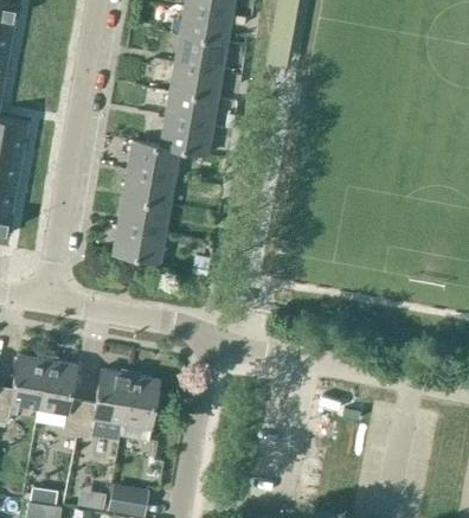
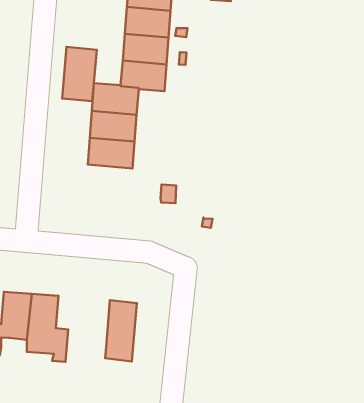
building: none -> [62,47,97,101]
building: [113,228,165,264] -> none
building: [75,370,128,439] -> none

